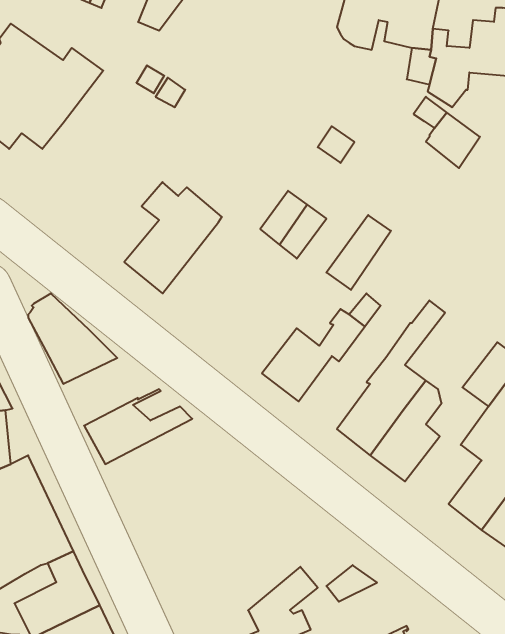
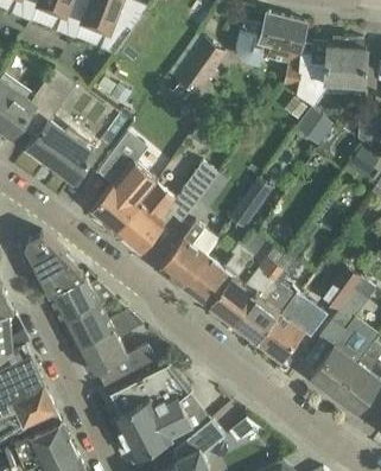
building: none -> [171,39,227,106]
building: none -> [27,115,134,180]
building: none -> [116,185,173,255]
building: none -> [160,224,217,288]
building: none -> [209,247,285,326]
building: none -> [49,278,114,324]
building: none -> [77,319,155,388]
building: none -> [108,365,195,460]

